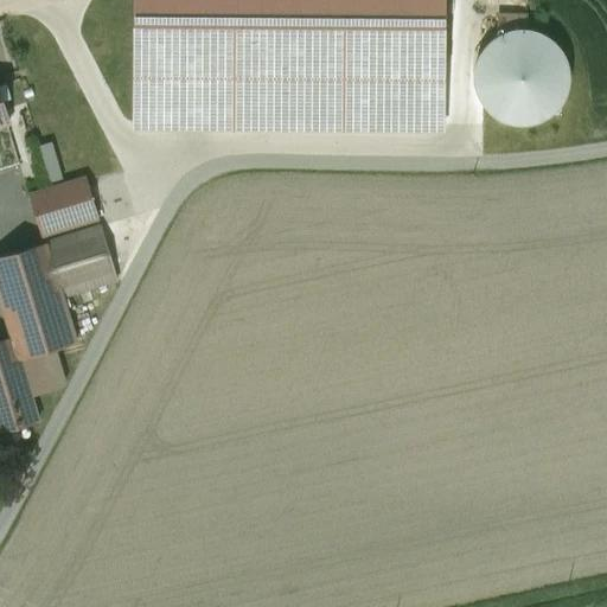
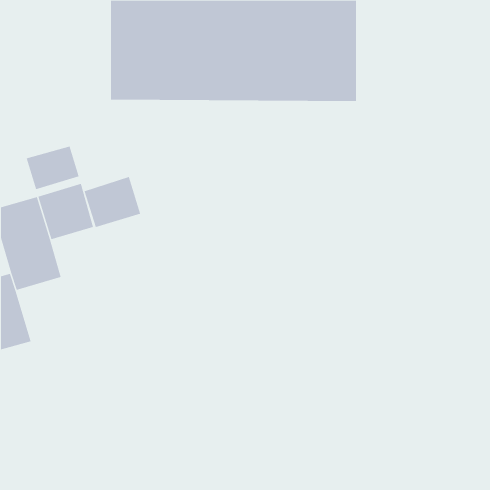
building: [474,31,570,127] -> none
building: none -> [84,176,141,228]

